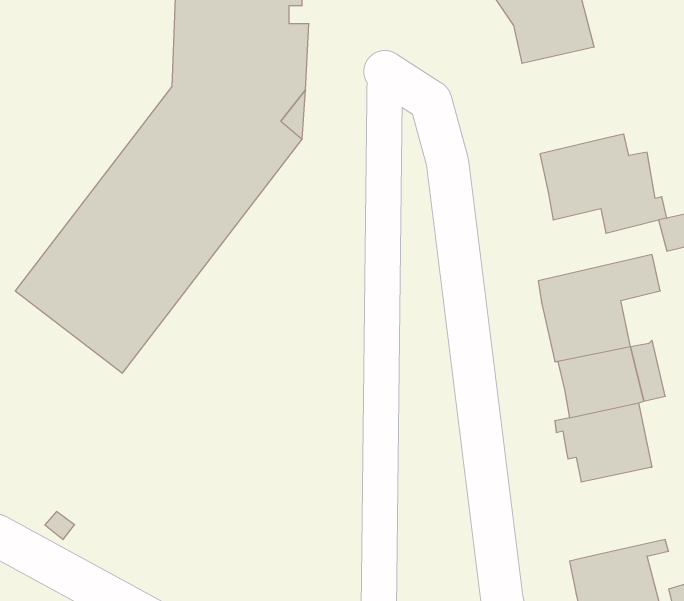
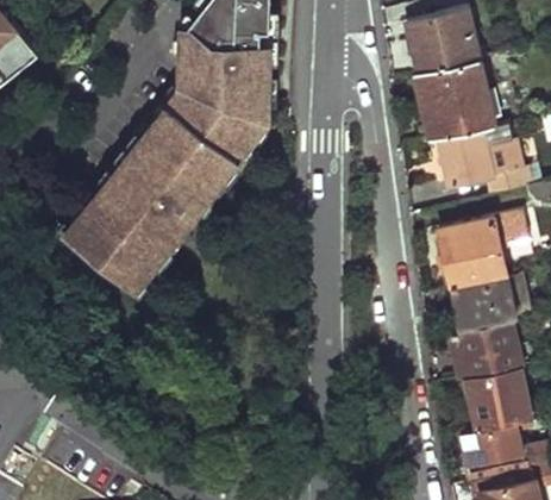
building: none -> [417,58,494,137]
building: none -> [464,363,530,427]

